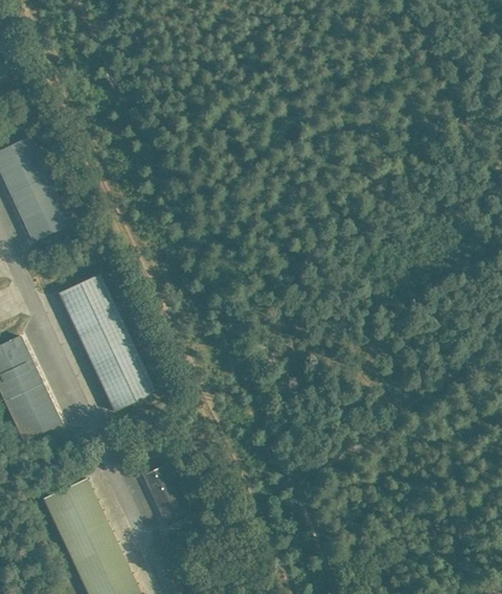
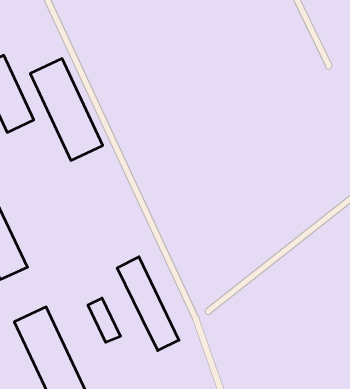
building: [57,273,155,411] -> [30,59,103,160]
building: none -> [117,257,179,351]

